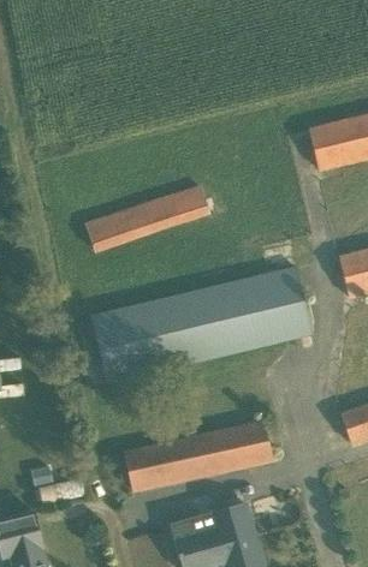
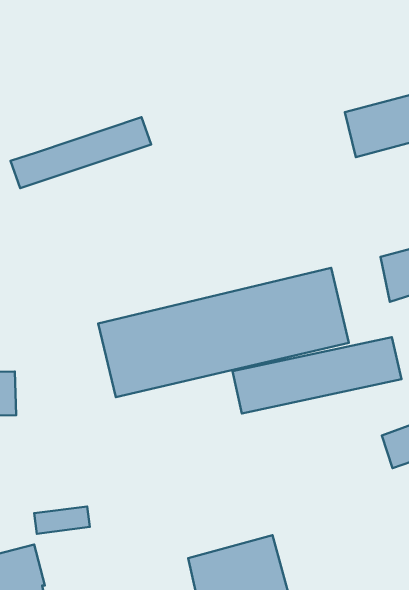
building: [87,186,210,249] -> [11,117,151,188]
building: [124,422,273,489] -> [232,337,401,413]

